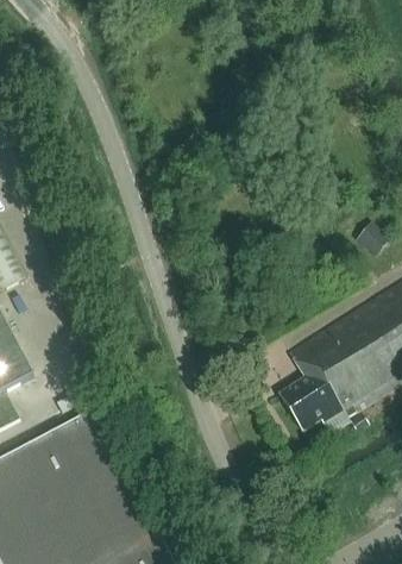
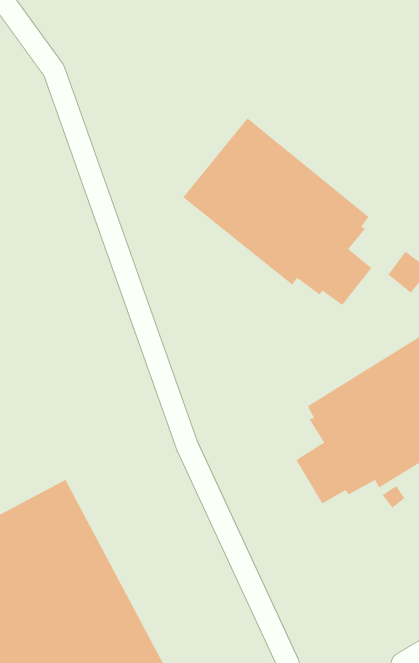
building: none -> [183,118,372,306]

